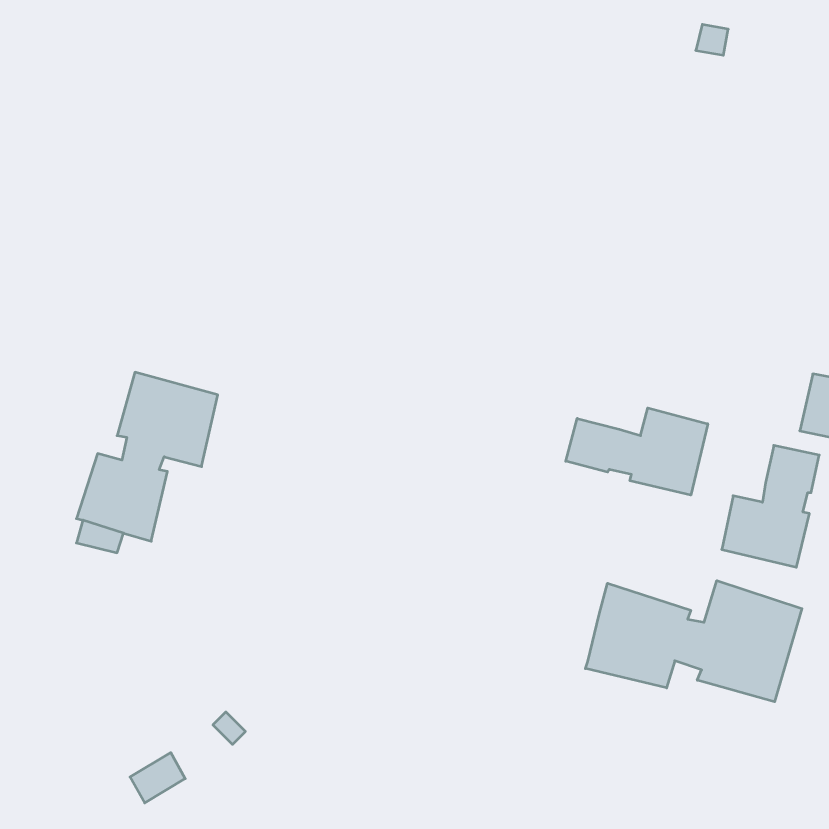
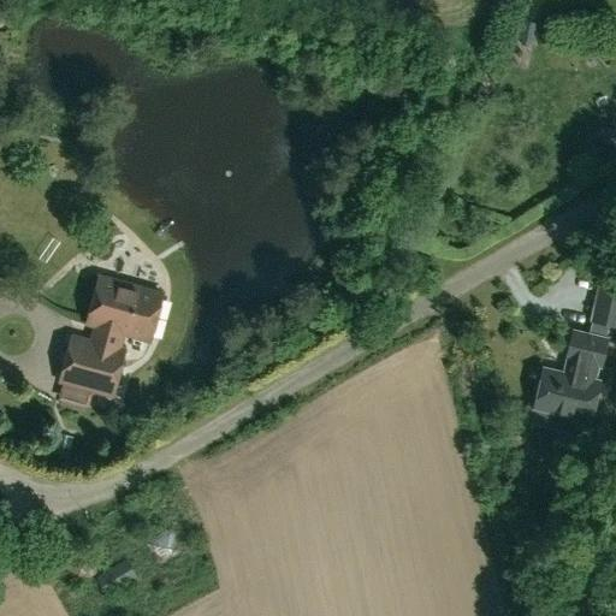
building: [566,408,708,495] -> none
building: [585,581,802,702] -> none

